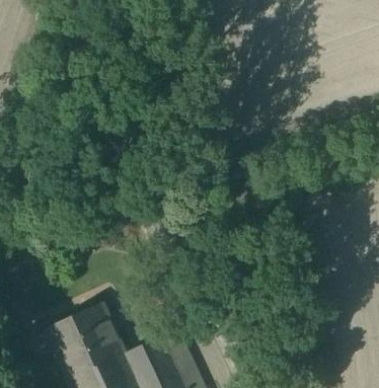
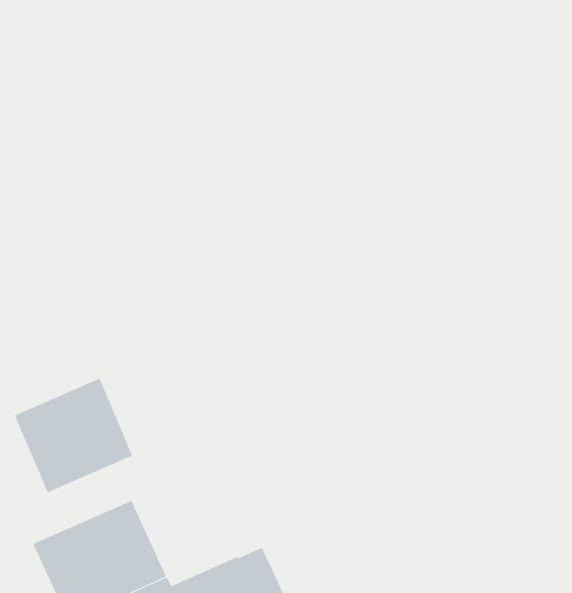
building: none -> [14,378,133,493]

